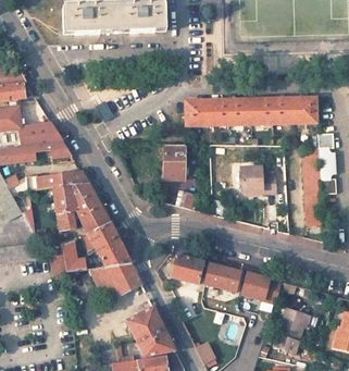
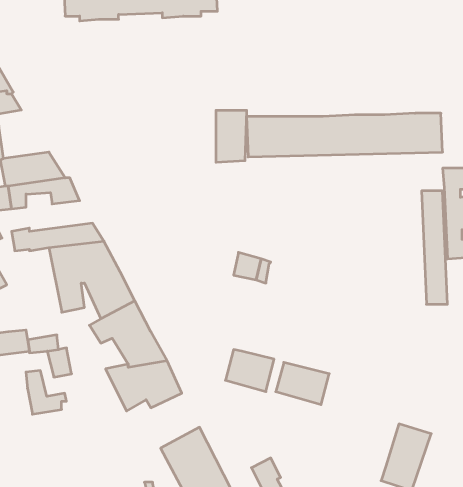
building: [163,145,184,180] -> [216,110,247,162]
building: [238,166,274,195] -> none
building: [62,243,89,272] -> [26,371,66,414]
building: [240,273,279,302] -> none

